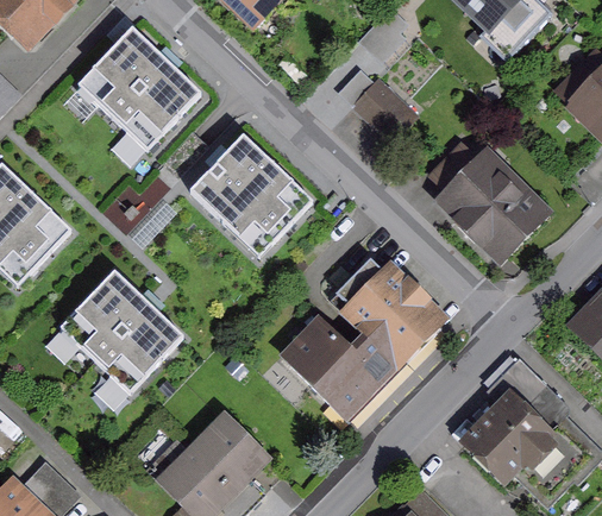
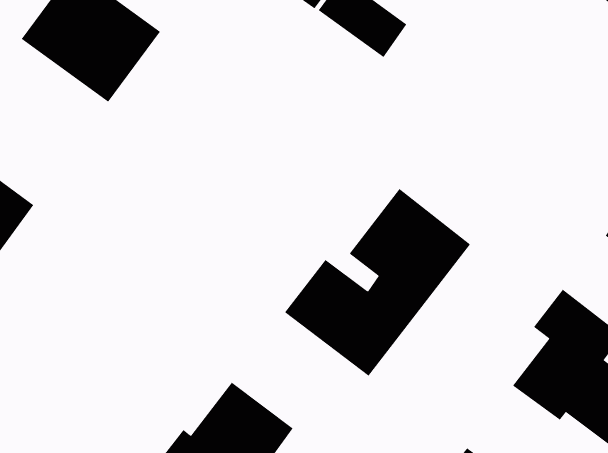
building: [189,138,311,257] -> none
building: [432,147,538,252] -> none
building: [61,272,182,394] -> none

